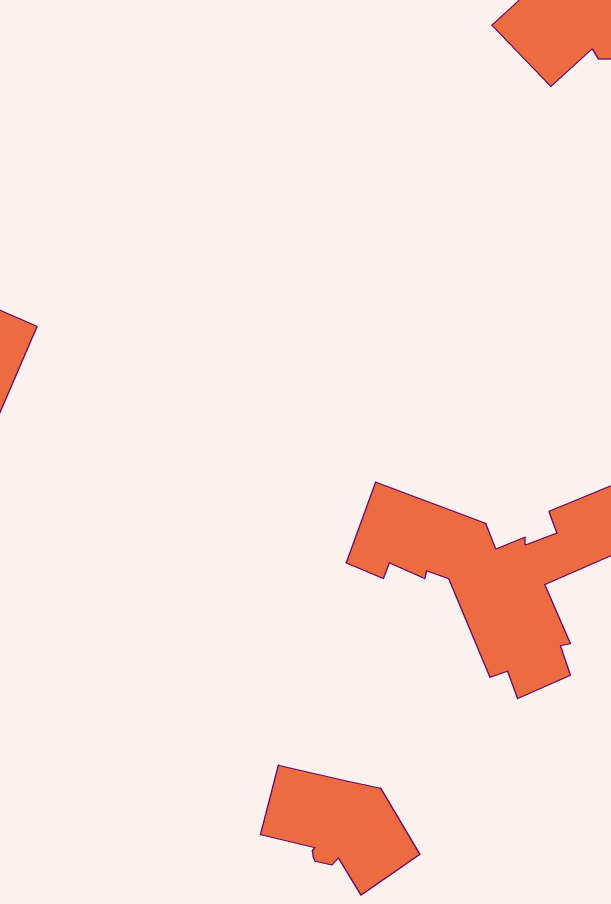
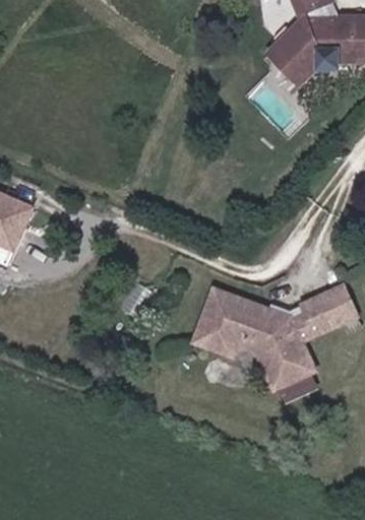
building: [260,765,420,895] -> none

